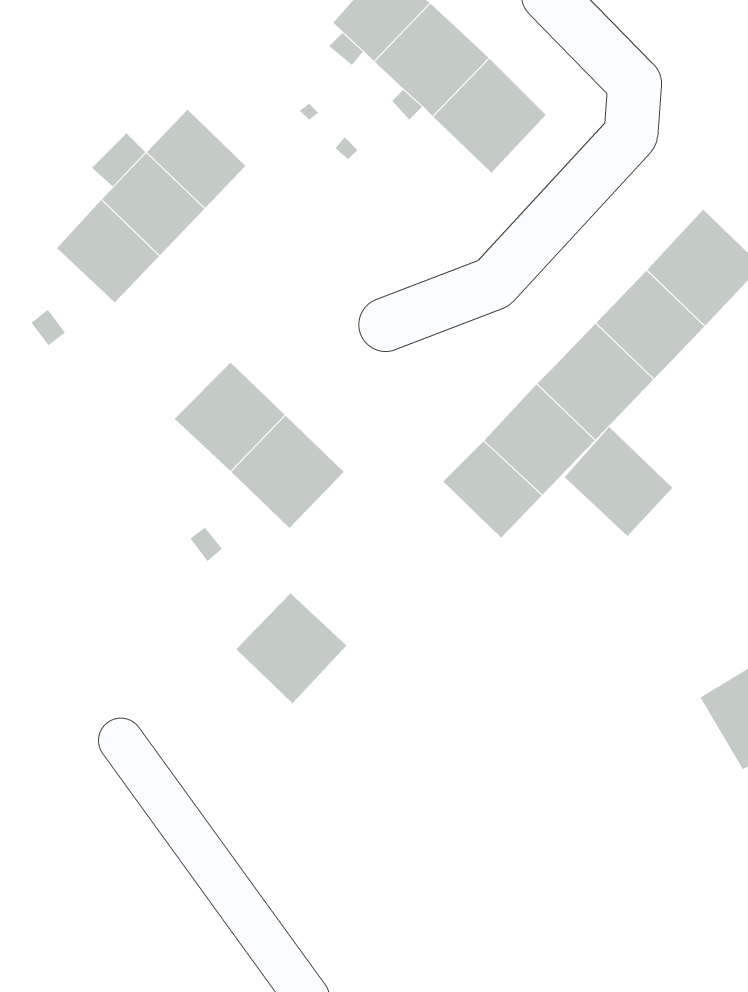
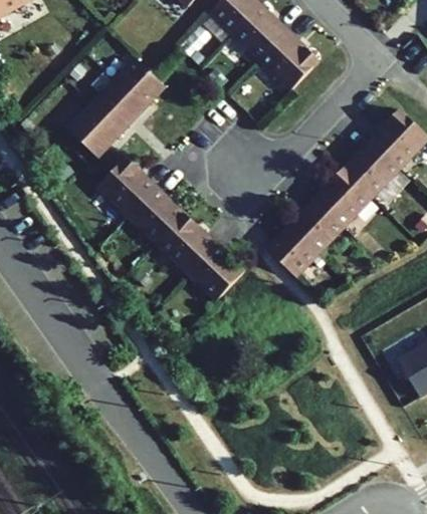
building: none -> [97,158,158,217]
building: [564,426,673,537] -> none
building: [236,592,347,704] -> [188,244,245,301]

